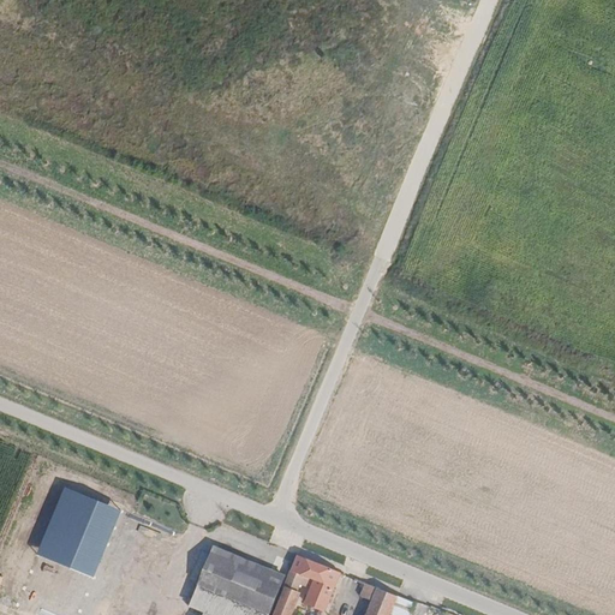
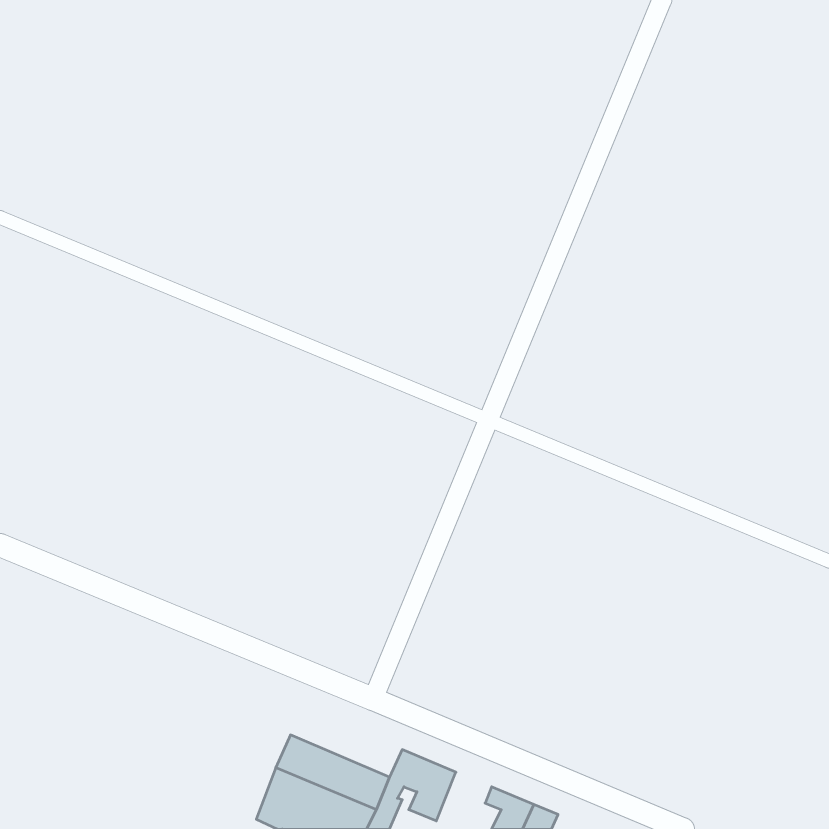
building: [36,486,120,578] -> none

